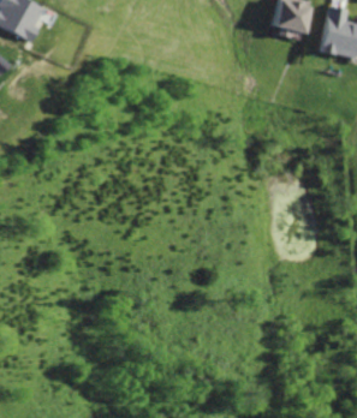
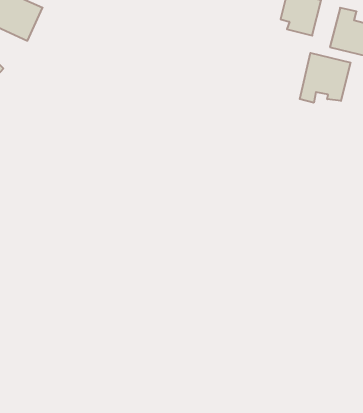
building: none -> [300,53,351,103]

